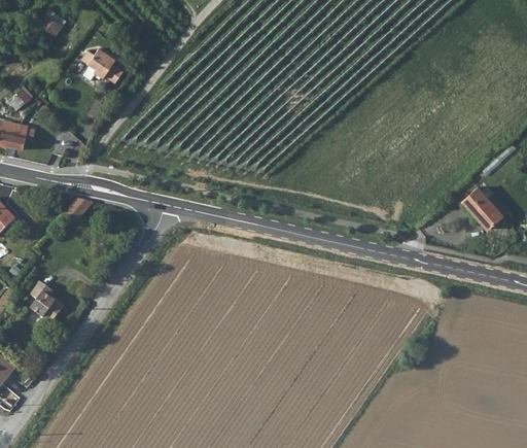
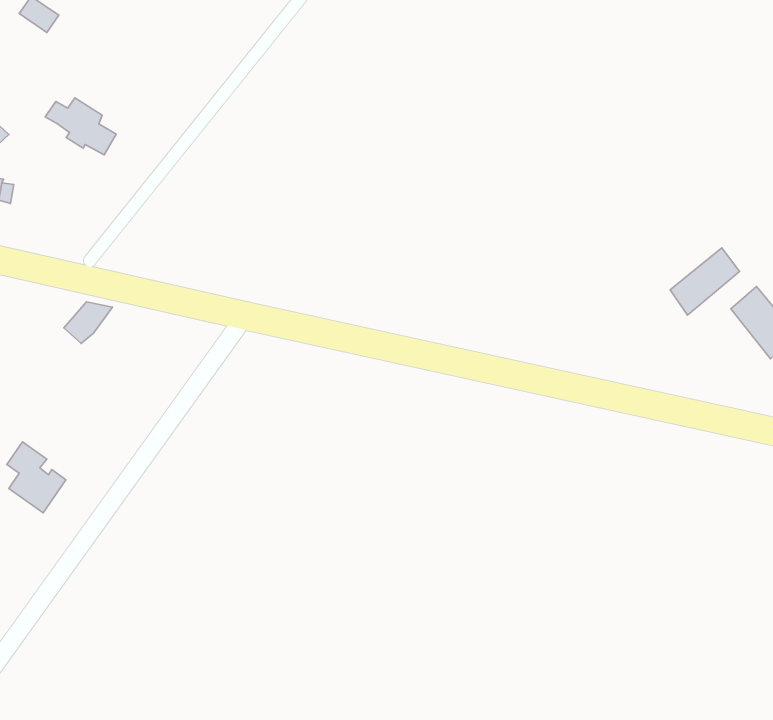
building: [81,47,124,81] -> [45,98,116,155]
building: none -> [670,248,740,315]

